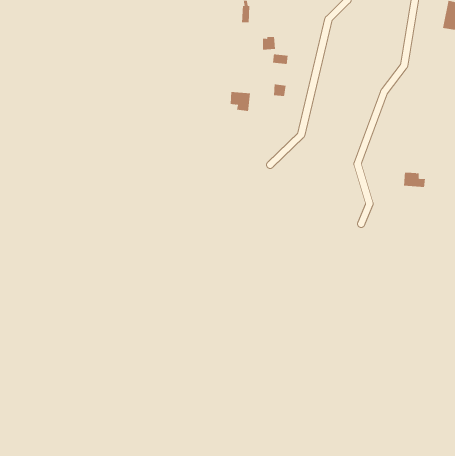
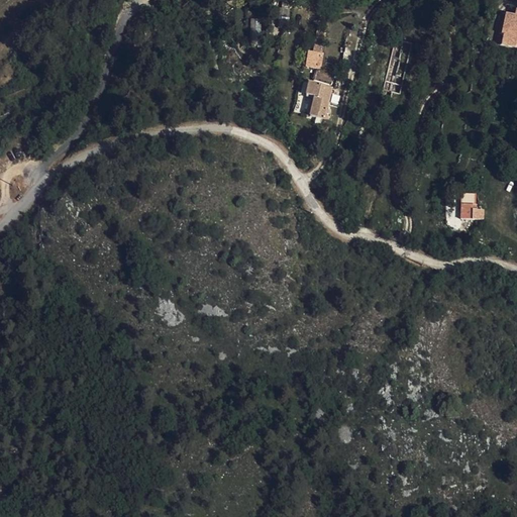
building: [230,91,251,112] -> [308,83,331,105]

